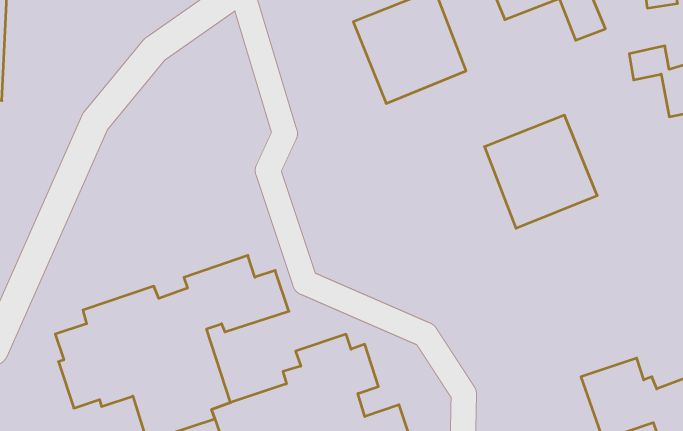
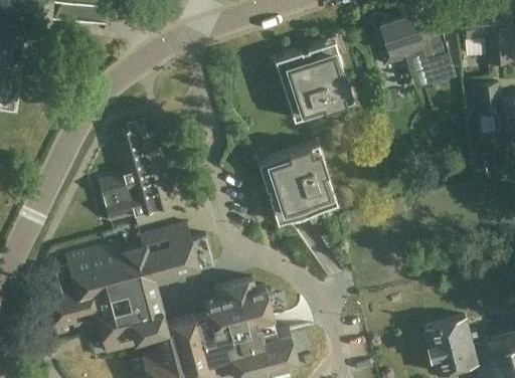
building: [484,115,597,228] -> [258,143,337,222]
building: none -> [98,125,176,222]

